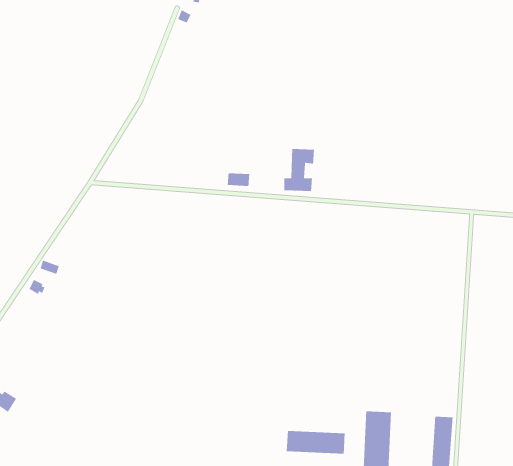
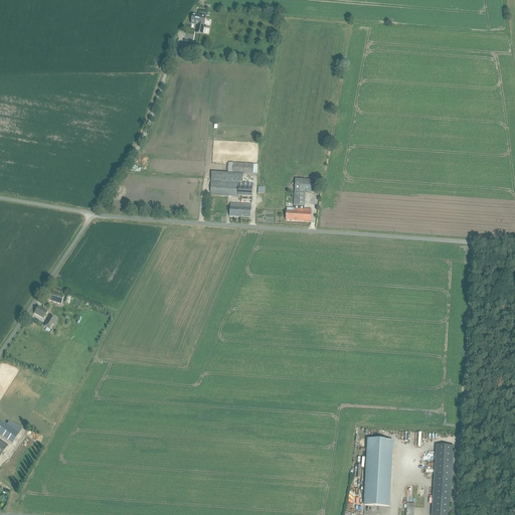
building: none -> [209,164,252,198]
building: [286,430,346,454] -> none

